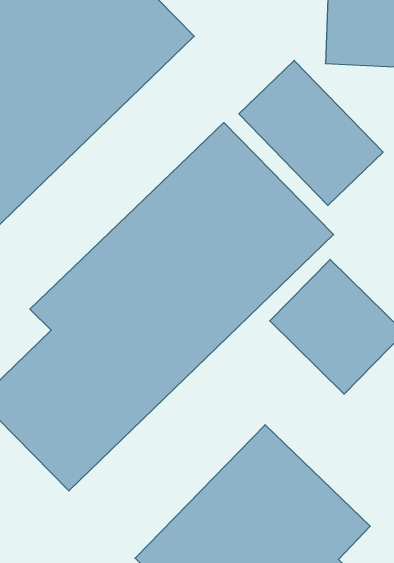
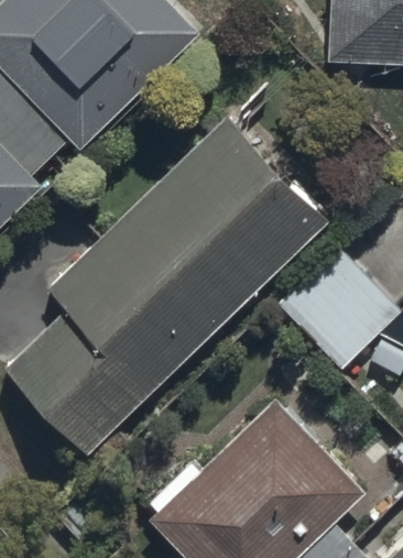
building: [239,60,383,205] -> none

